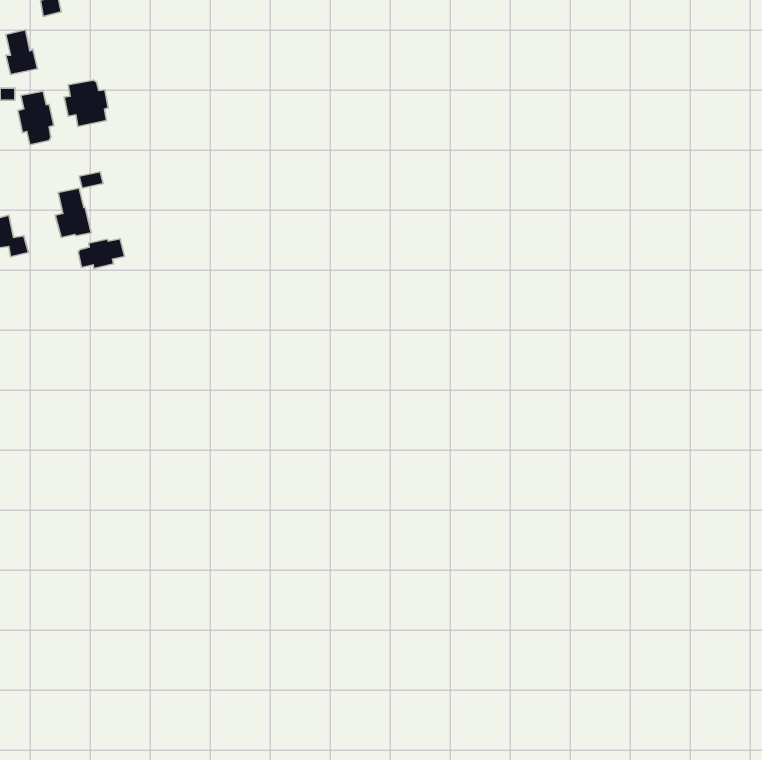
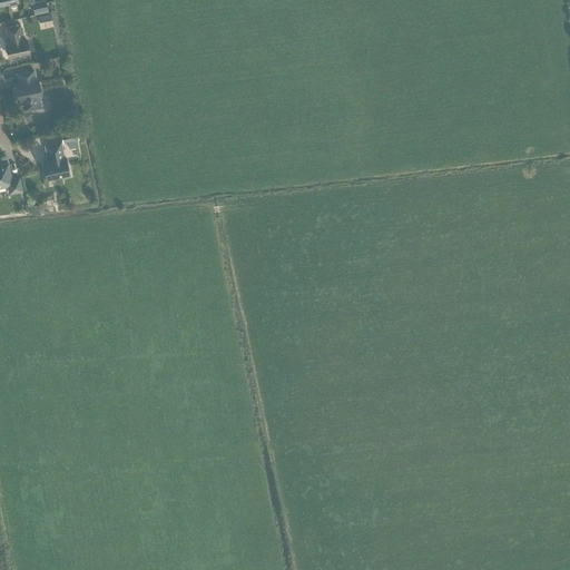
building: [64,80,108,126] -> none
building: [78,239,125,269] -> none

